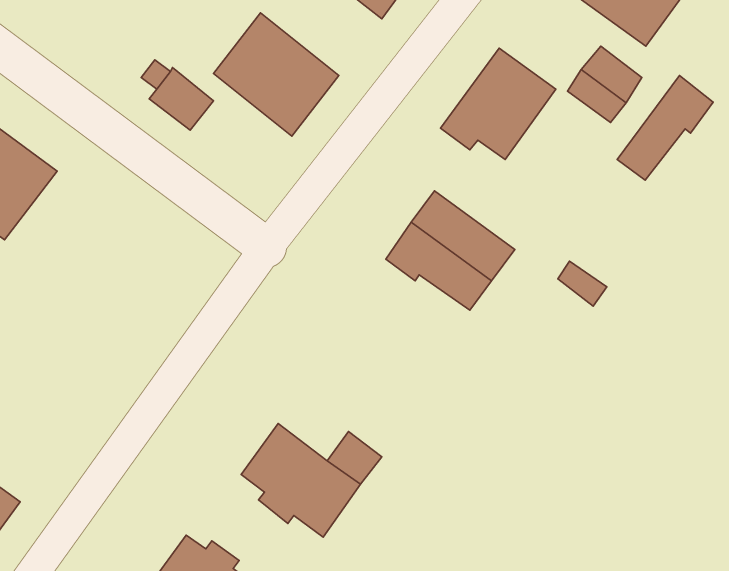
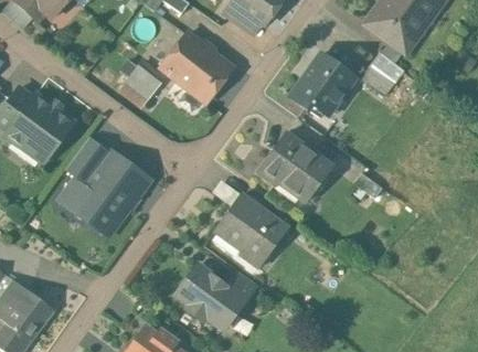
building: [617,75,713,180] -> none
building: none -> [66,137,150,235]
building: none -> [215,194,286,266]

